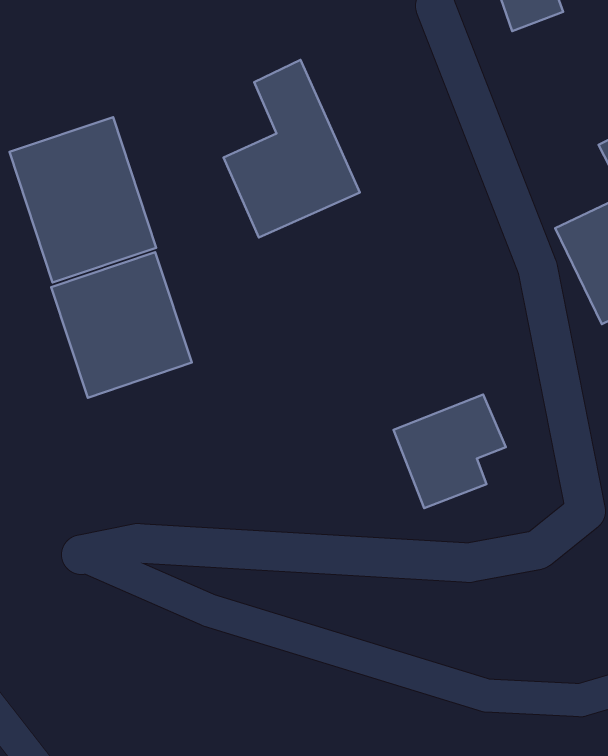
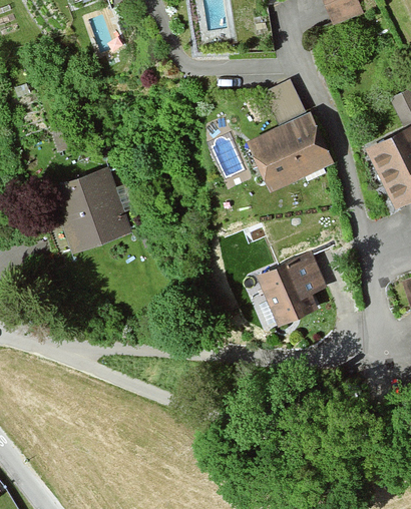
building: [224,60,360,237] -> [247,80,332,191]
building: [9,117,156,282] -> none

